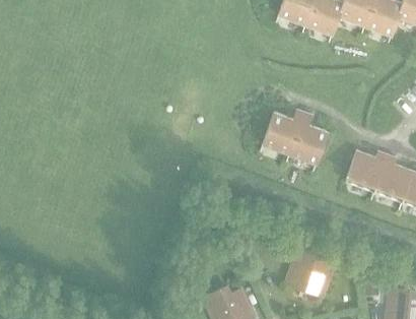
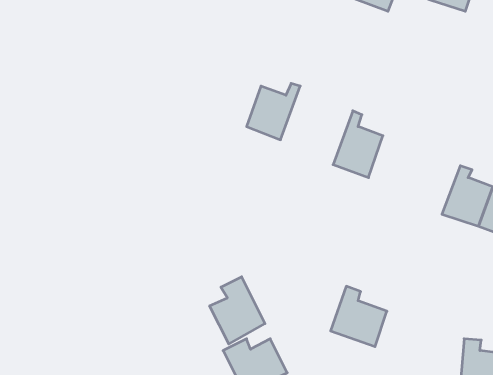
building: [263,110,304,153] -> [247,83,300,140]
building: [345,150,388,192] -> none
building: none -> [210,277,265,344]

